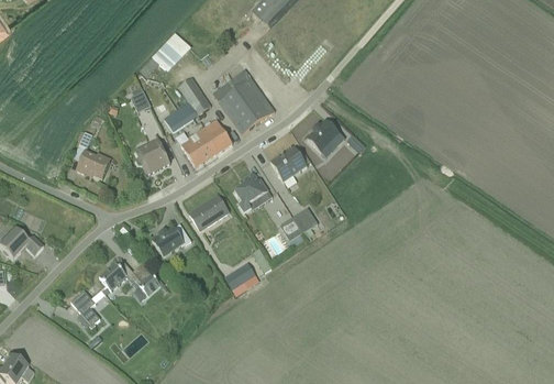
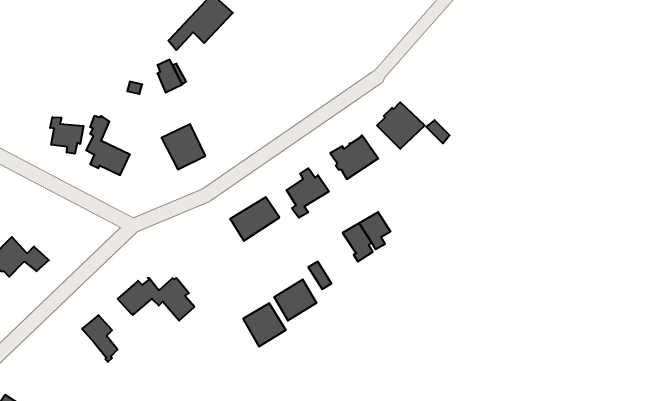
building: [212,69,274,133] -> none
building: [164,77,211,131] -> none
building: [179,119,231,167] -> none
building: none -> [50,117,84,154]
building: [152,223,191,256] -> none
building: none -> [243,303,286,347]

